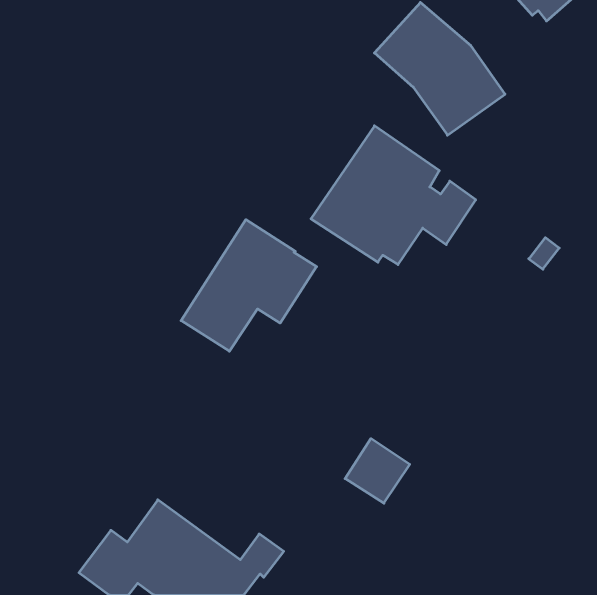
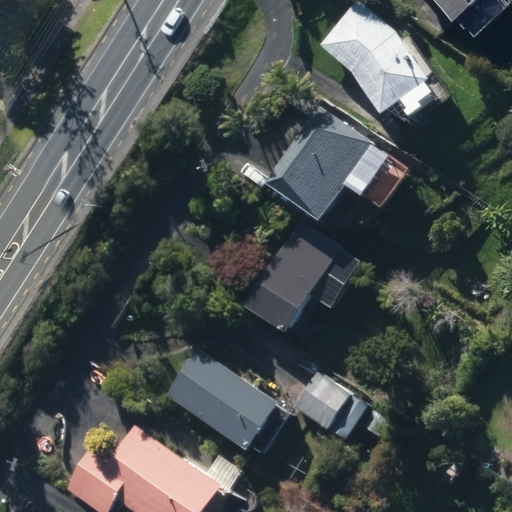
building: [181,220,317,351] -> [245,221,360,333]
building: none -> [166,349,279,451]

